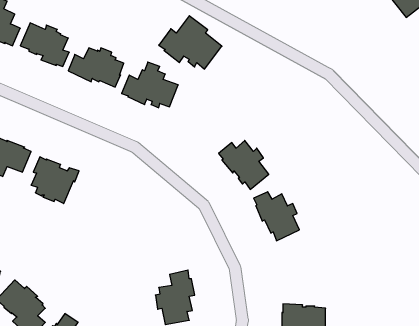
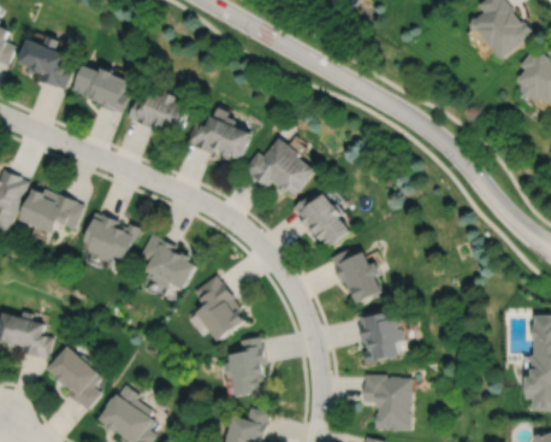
building: [159,16,222,69] -> [243,137,313,196]
building: none -> [138,235,194,291]
building: none -> [192,276,243,343]
building: none -> [357,311,399,365]

